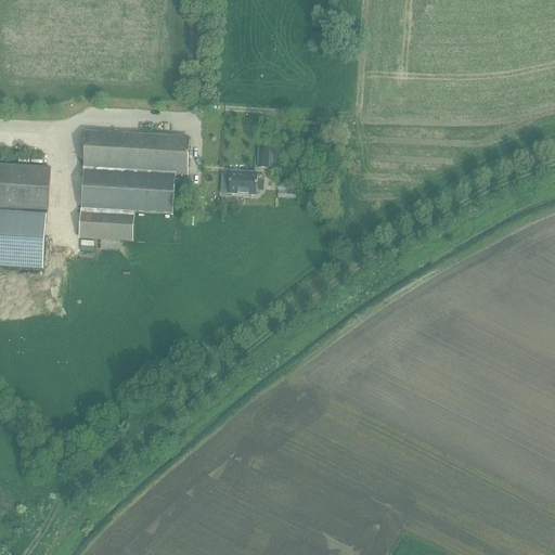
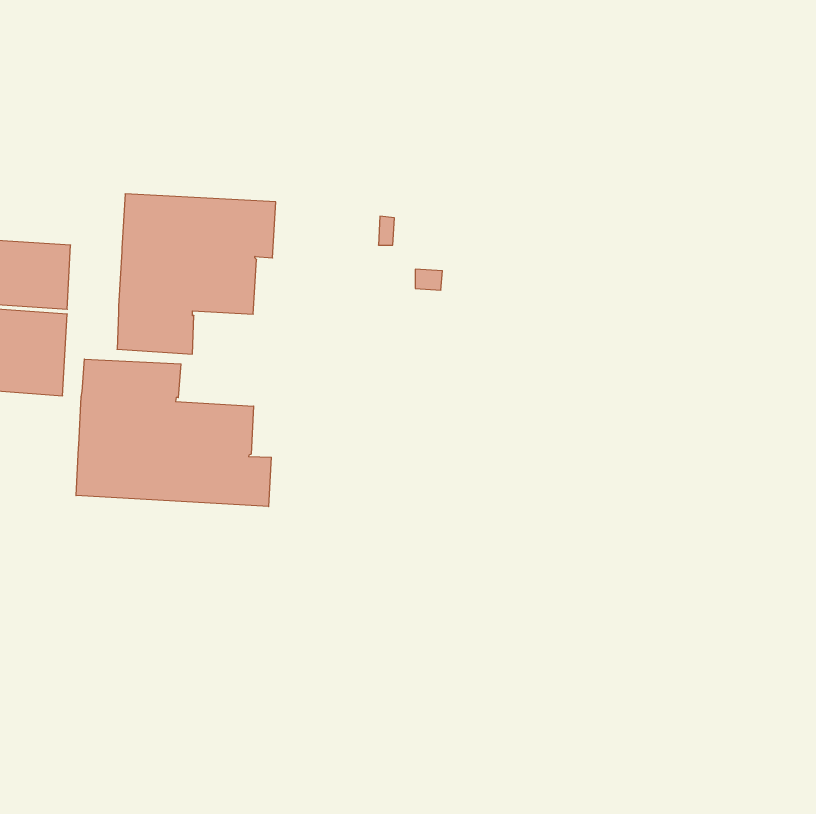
building: [219,169,261,193] -> none
building: none -> [76,359,271,507]

